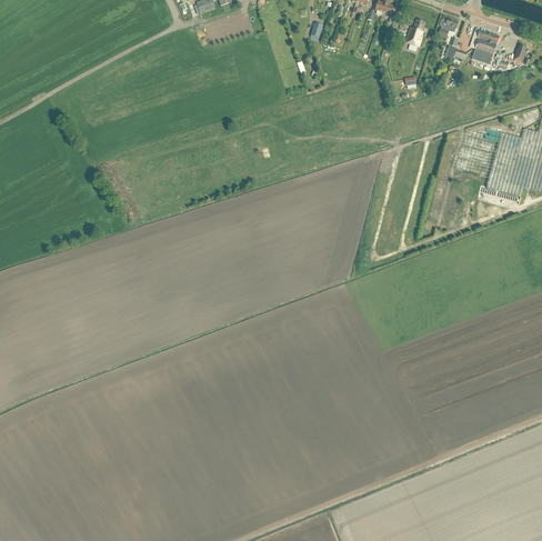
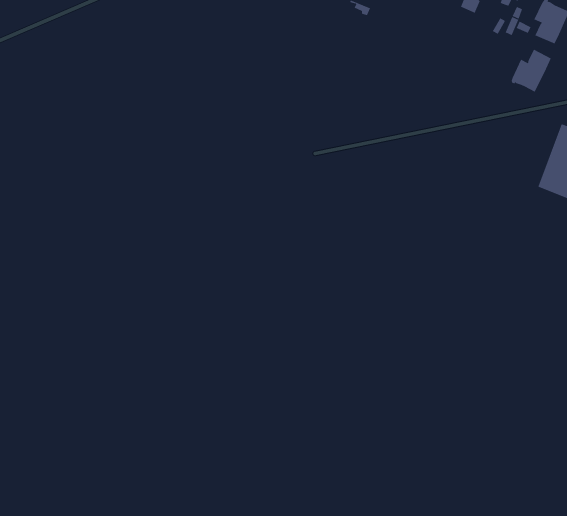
building: none -> [511,49,552,92]

